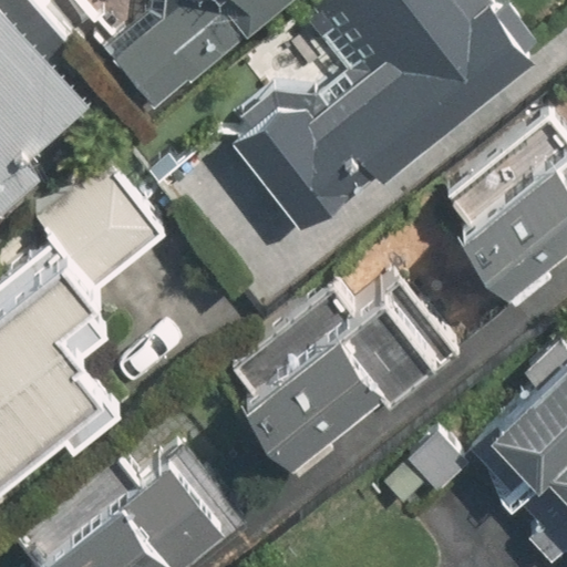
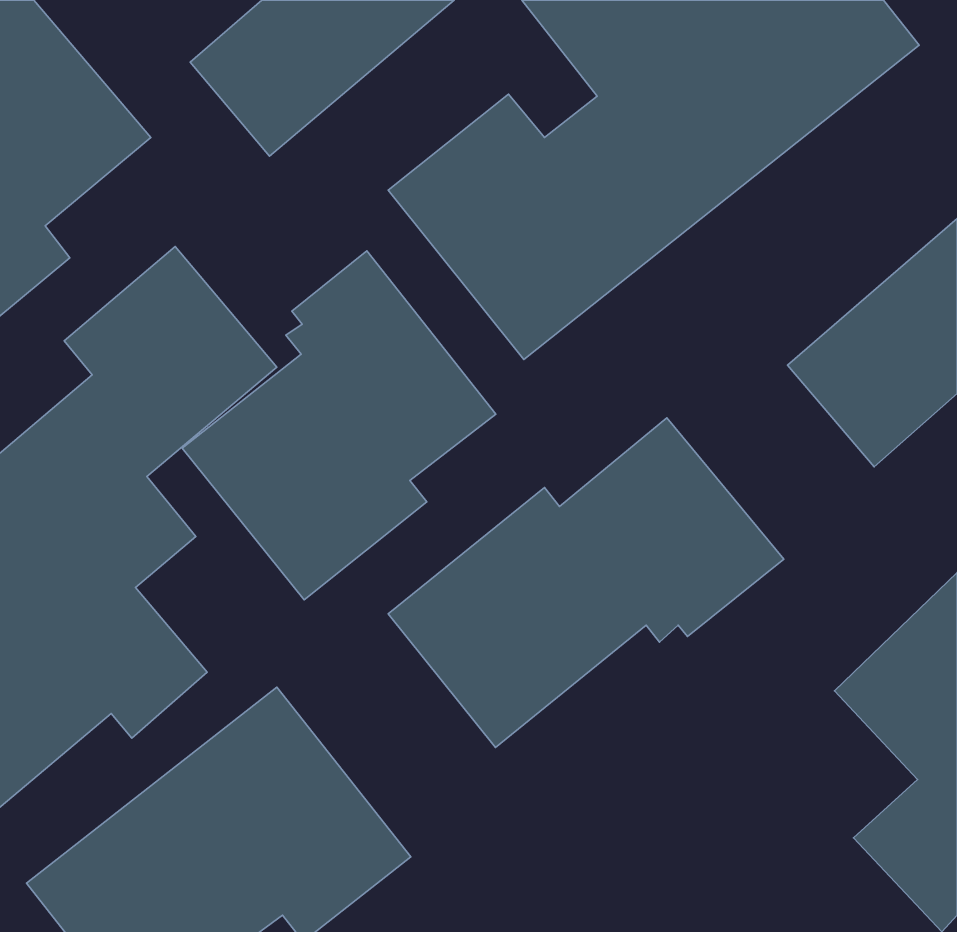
building: none -> [182,251,496,600]

